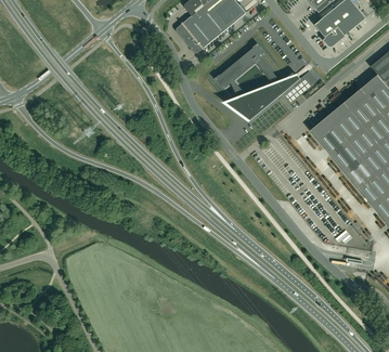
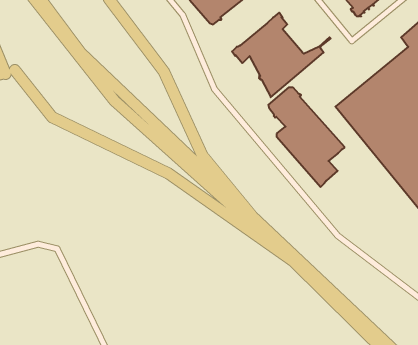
building: none -> [268,87,344,187]

